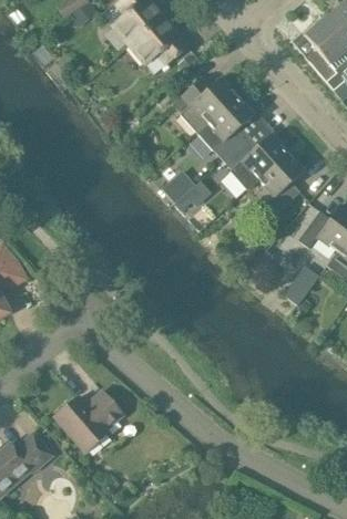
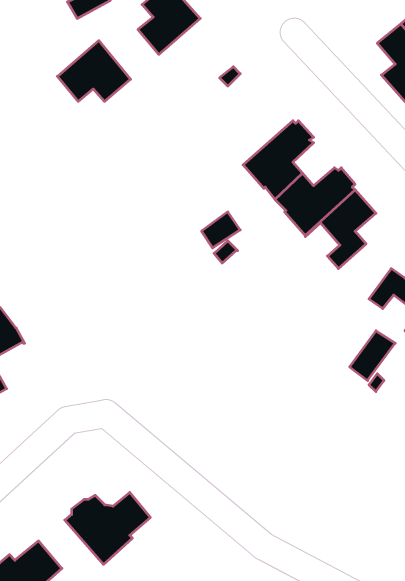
building: [129,15,187,64] -> [57,41,131,101]
building: [172,79,236,133] -> none

